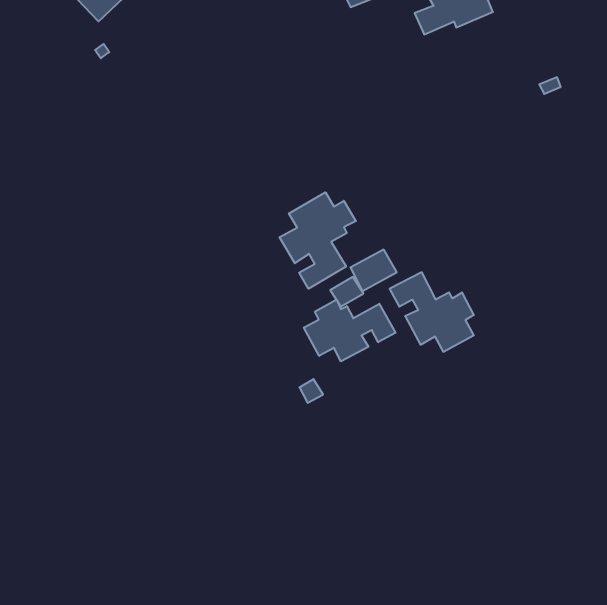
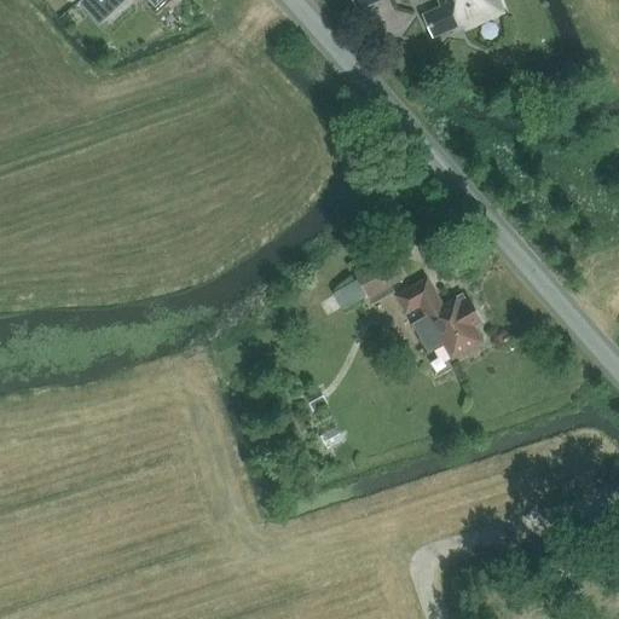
building: [280,192,356,289] -> none
building: [304,300,395,361] -> none

